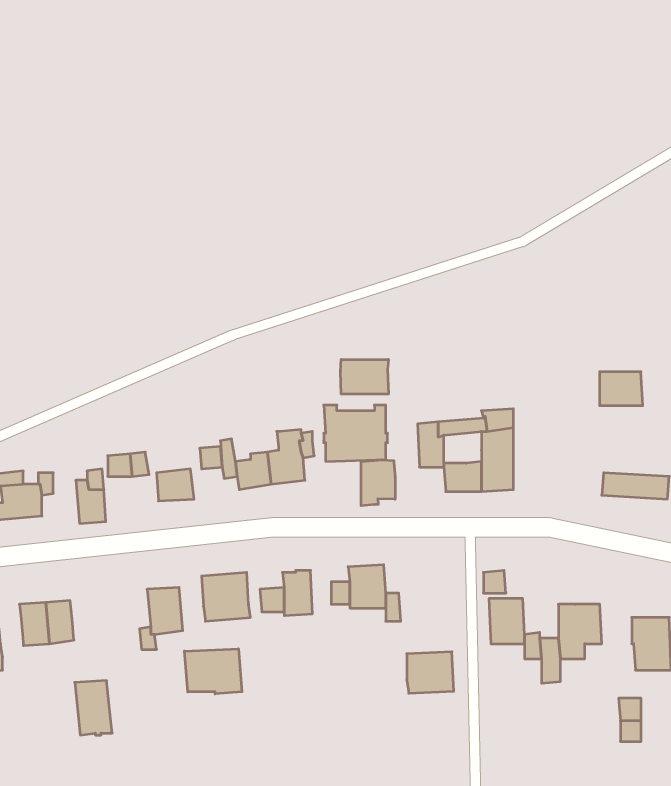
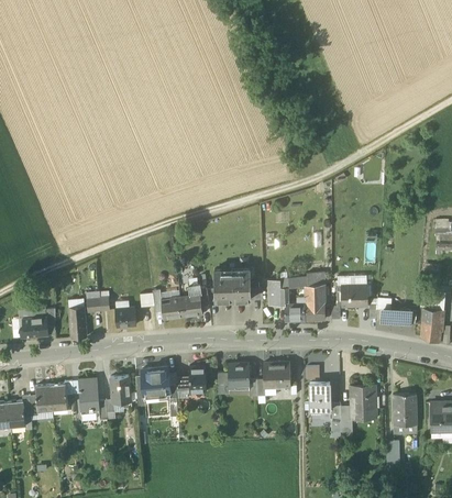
building: [341,359,388,394] -> none
building: [600,372,643,406] -> [342,286,367,306]
building: [361,460,395,506] -> none
building: [184,649,242,694] -> none
building: [407,652,454,693] -> [264,363,291,387]
building: [75,681,112,735] -> [78,378,100,410]

